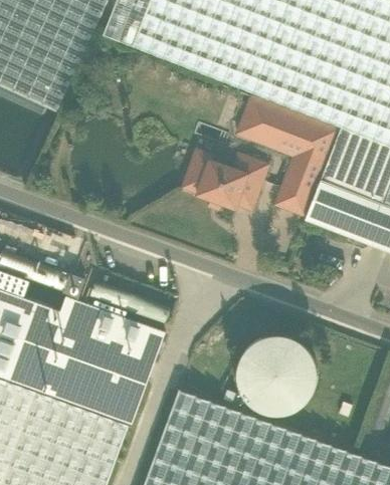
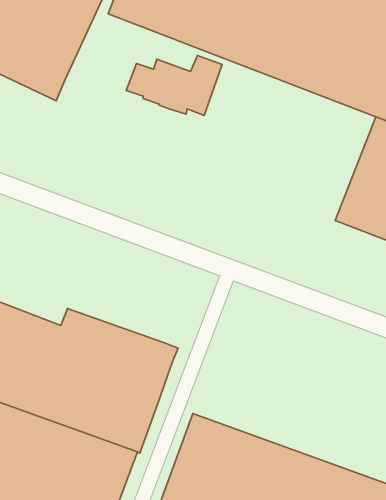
building: [237,95,339,215] -> none
building: [183,156,268,209] -> [126,56,222,115]
building: [221,323,313,418] -> none

